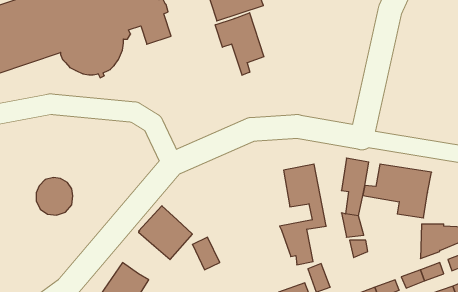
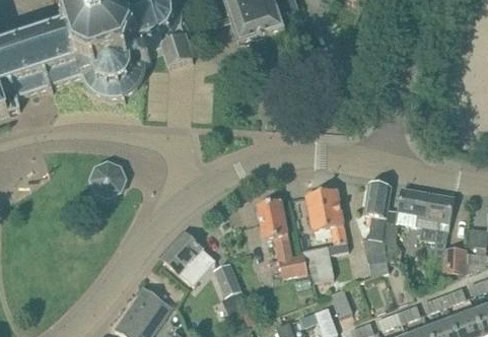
building: [215,13,264,75] -> none
building: none -> [257,199,307,276]
building: [36,178,73,215] -> [90,160,127,198]

